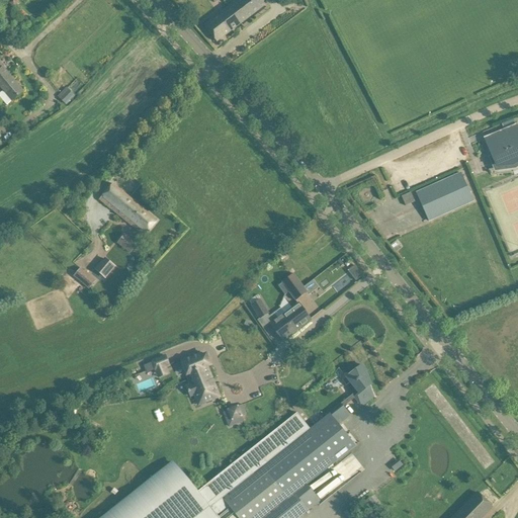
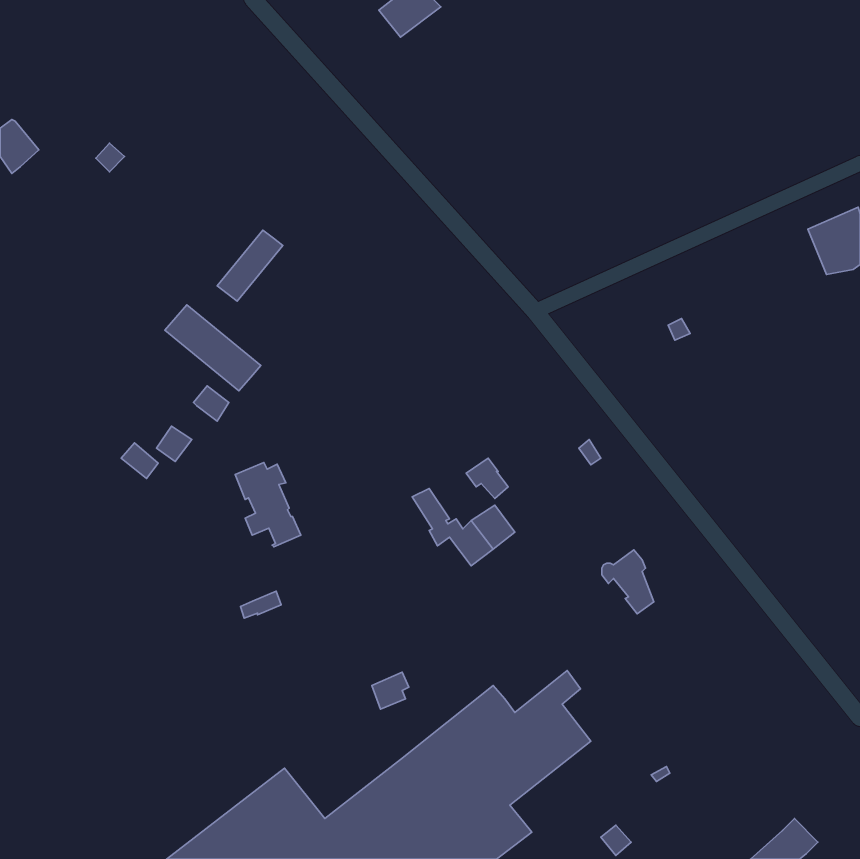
building: [203,6,241,40] -> none
building: none -> [217,230,283,301]
building: [416,172,473,220] -> none
building: [180,352,220,403] -> [235,463,301,547]
building: [342,364,373,403] -> [602,550,654,614]

